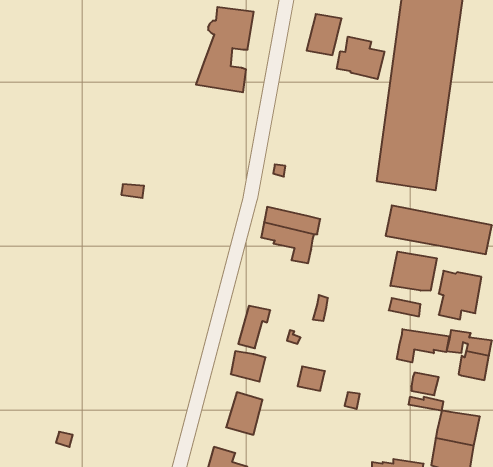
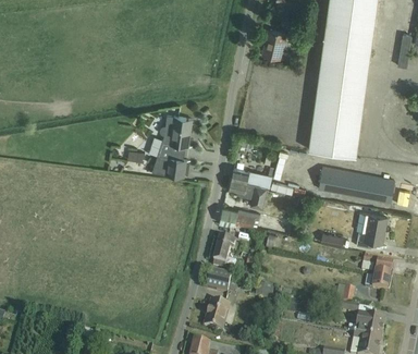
building: [196,7,254,92] -> [151,114,193,175]
building: [337,37,384,79] -> none
building: [390,252,437,291] -> none
building: none -> [219,207,255,227]
building: [397,329,449,362] -> none

